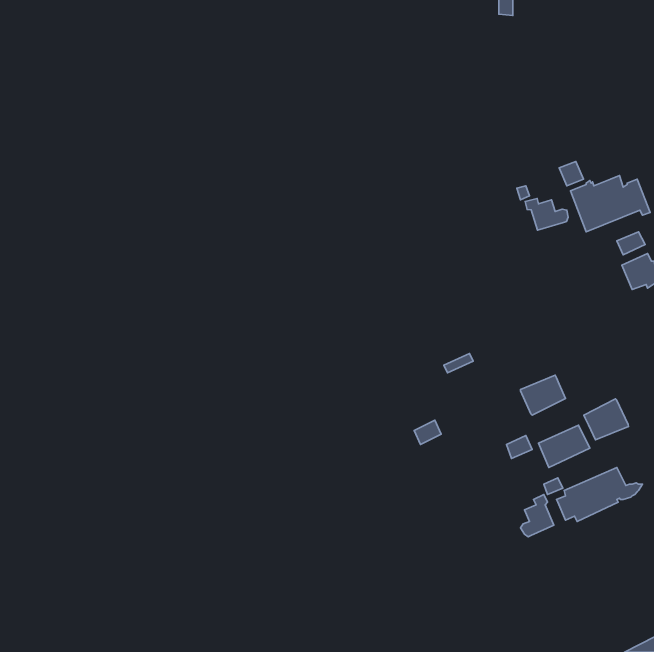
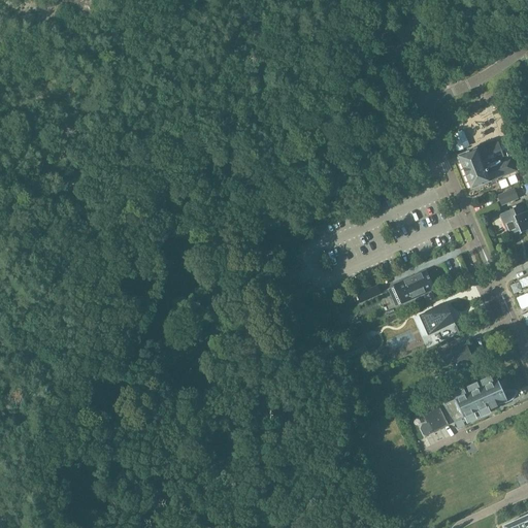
building: [525,199,568,230] -> none
building: none -> [390,269,435,302]
building: [584,399,628,440] -> none

